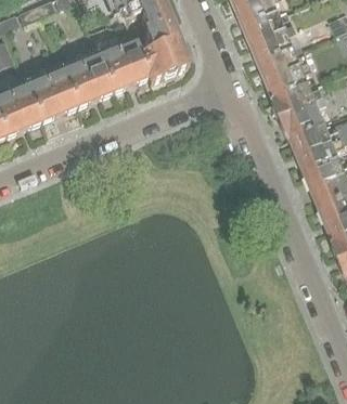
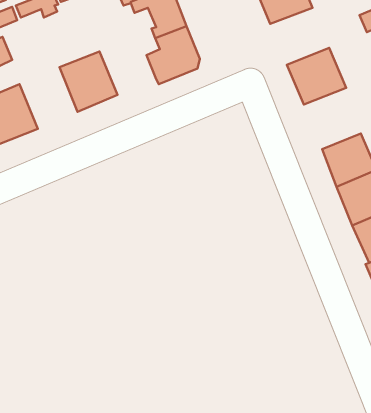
building: [244,14,297,65] -> none
building: [91,41,142,92] -> none
building: [20,67,72,122] -> none
building: [271,86,326,138] -> none

